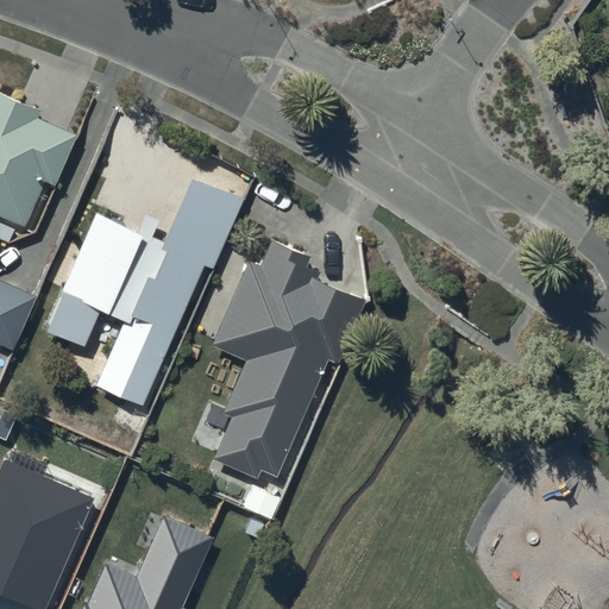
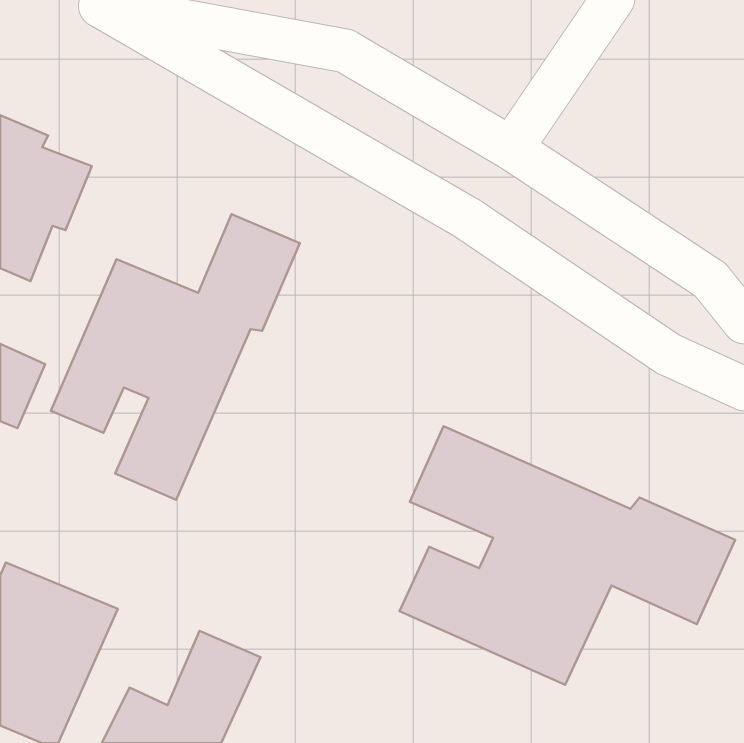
building: [213,239,363,479] -> none
building: none -> [400,426,735,685]

